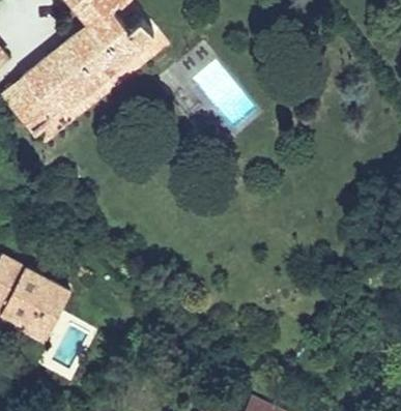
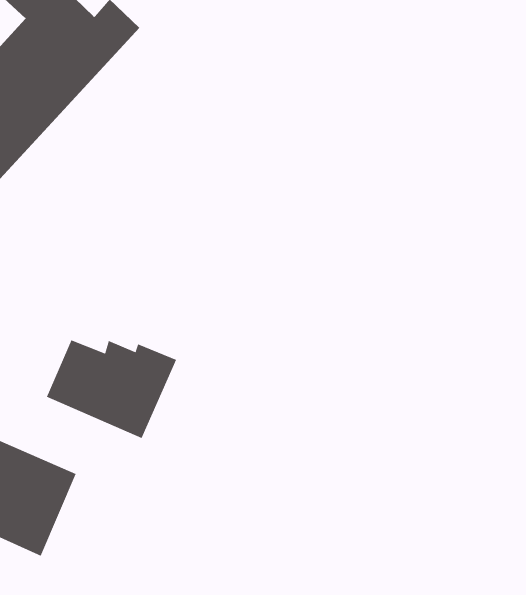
building: none -> [46,339,177,439]

